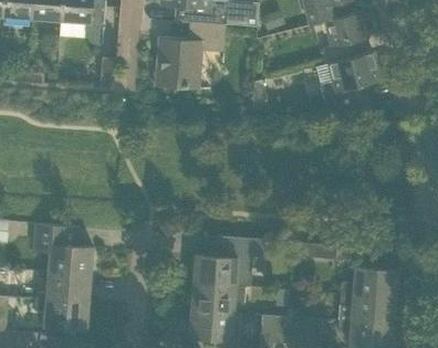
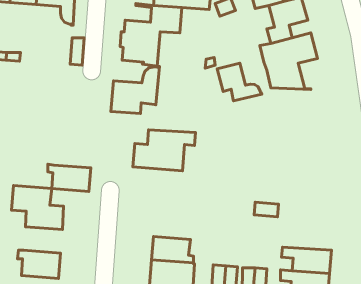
building: none -> [217,63,262,101]
building: none -> [111,66,160,114]
building: [194,240,264,286] -> [133,130,195,171]
building: [340,266,397,297] -> none
building: [42,270,91,300] -> [48,164,91,191]

